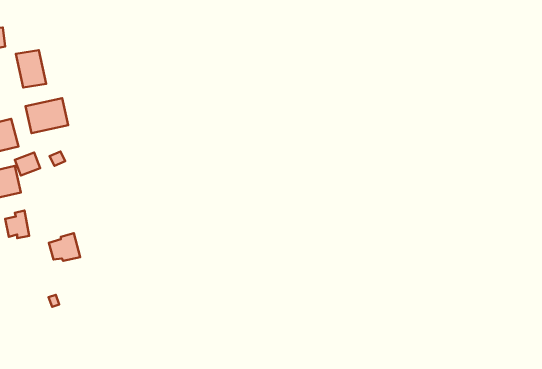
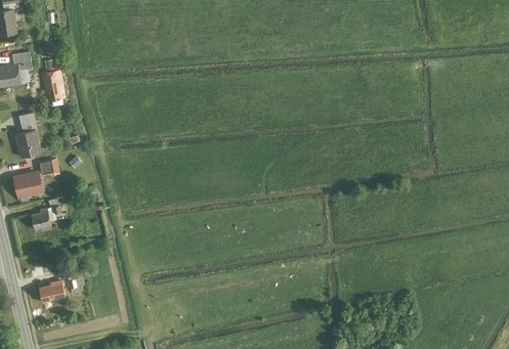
building: [26,98,68,133] -> none
building: [49,233,80,261] -> [39,278,66,302]

